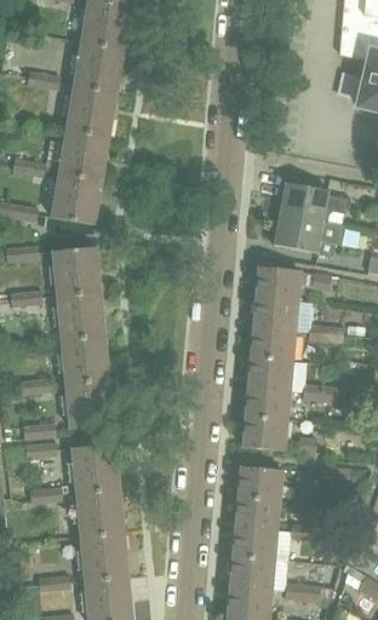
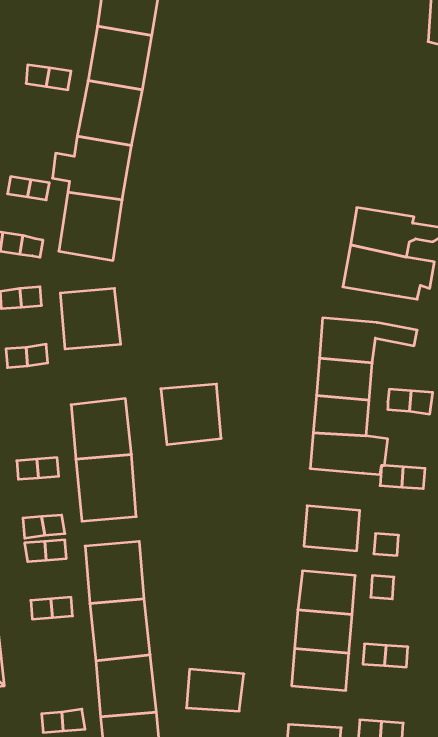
building: [56,289,103,337] -> [161,384,221,445]
building: [245,386,288,419] -> none
building: [230,556,275,589] -> [186,669,244,711]

